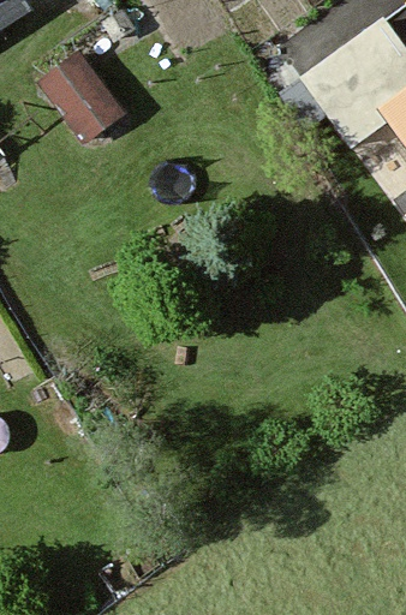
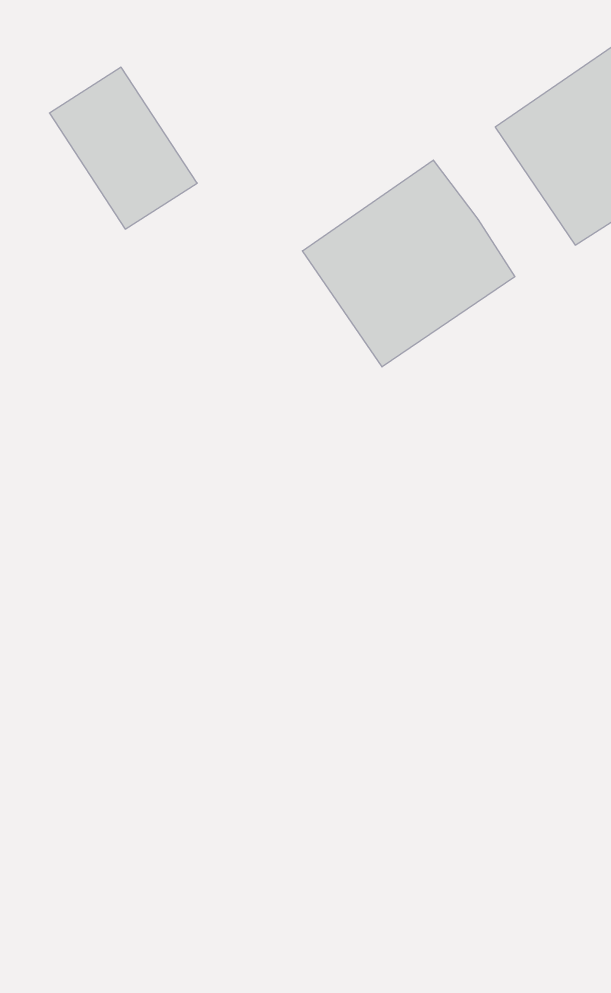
building: none -> [302,160,515,367]

